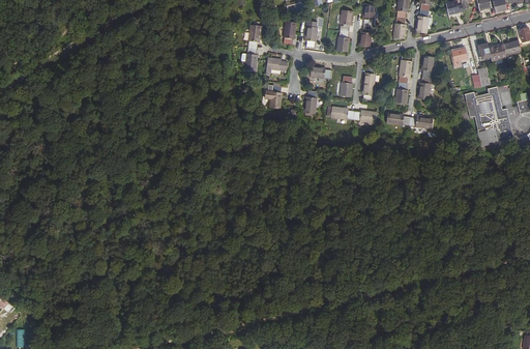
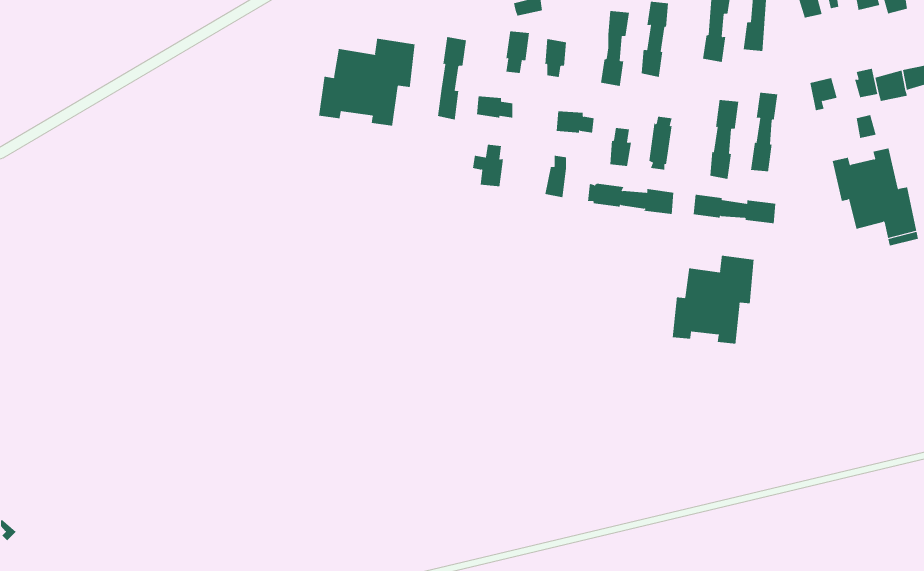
building: none -> [318,38,415,126]
building: none -> [672,255,754,344]

